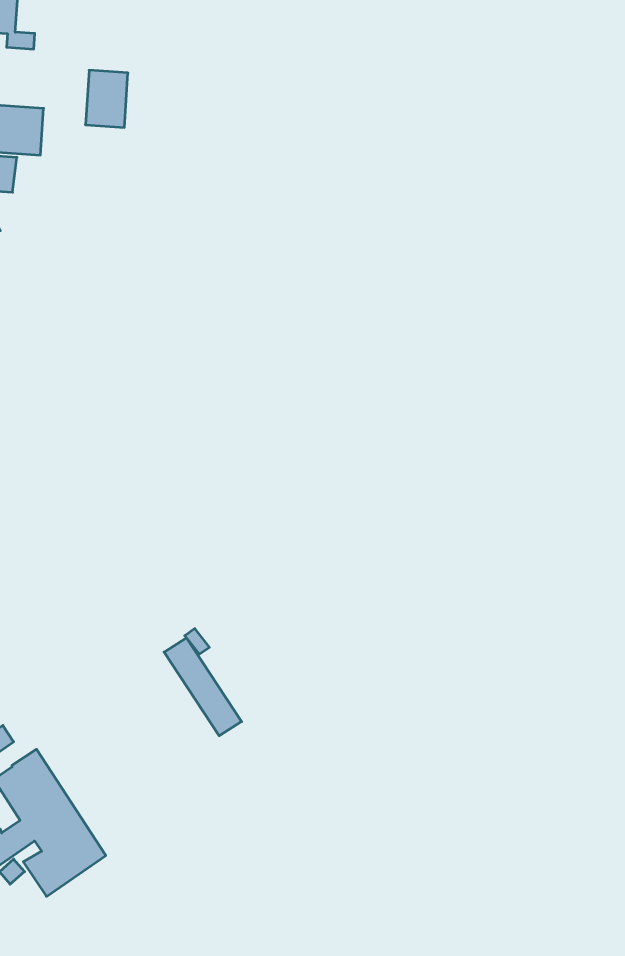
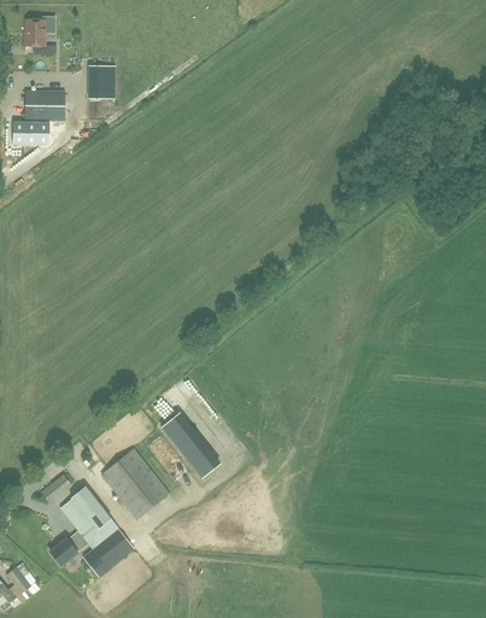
building: none -> [101,448,169,518]

